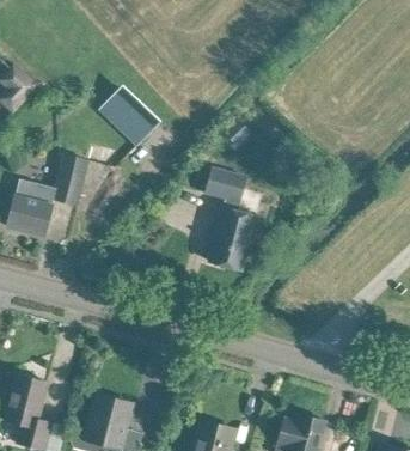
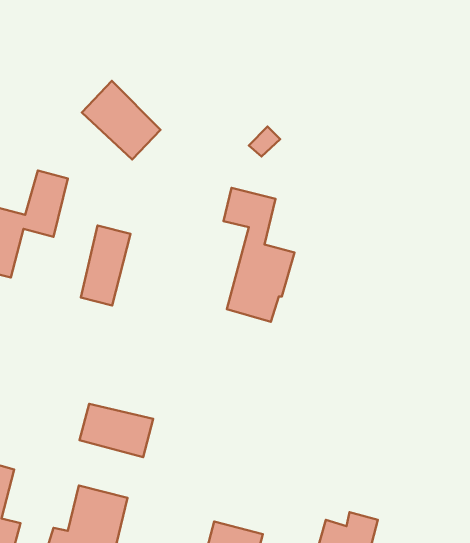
building: none -> [81,225,130,306]
building: none -> [80,404,153,457]

